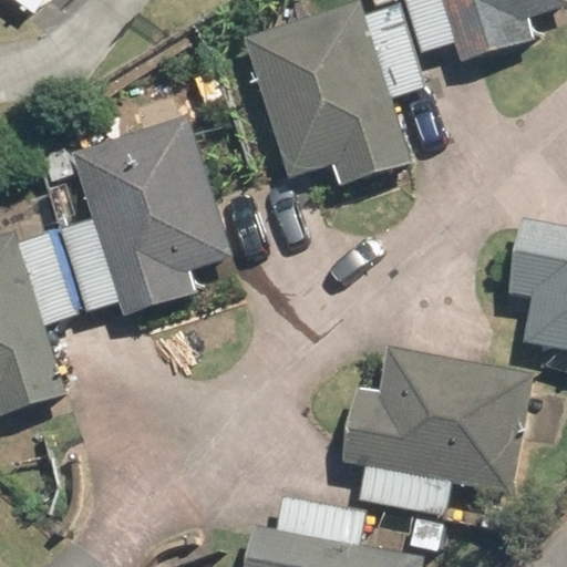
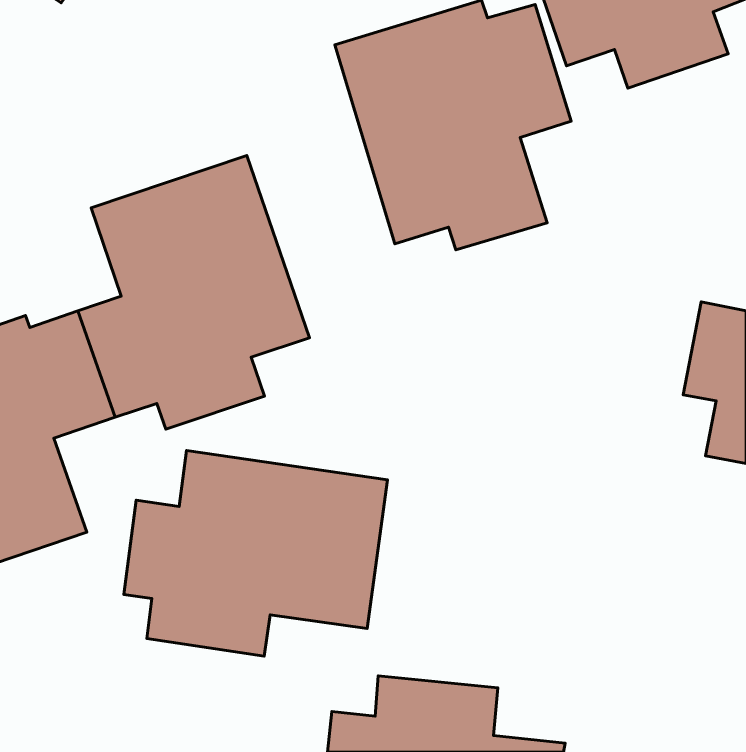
building: none -> [124,451,388,656]
building: [342,349,534,511] -> none

